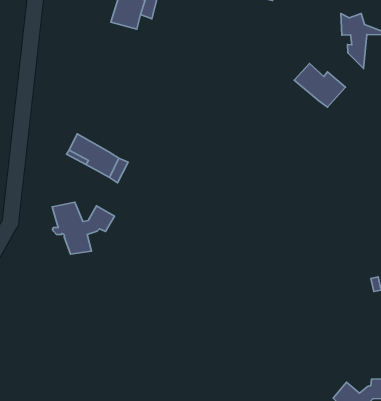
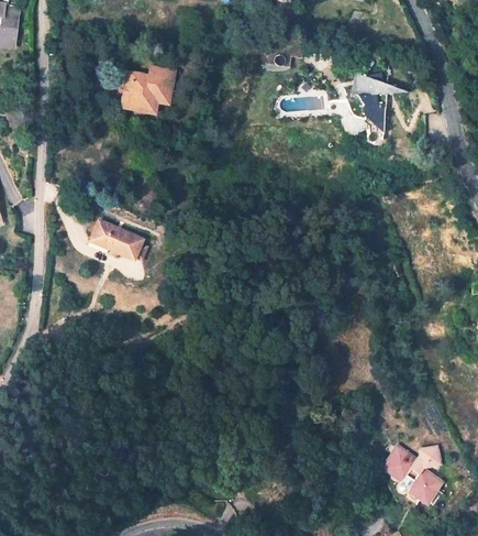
building: [294,63,346,107] -> none
building: [52,202,114,254] -> none

